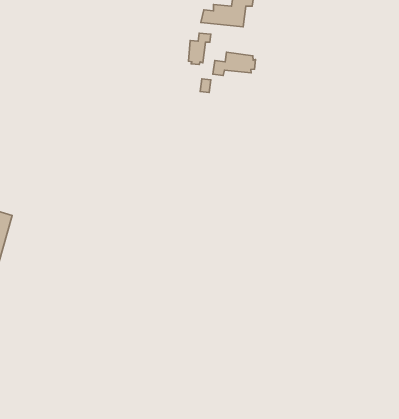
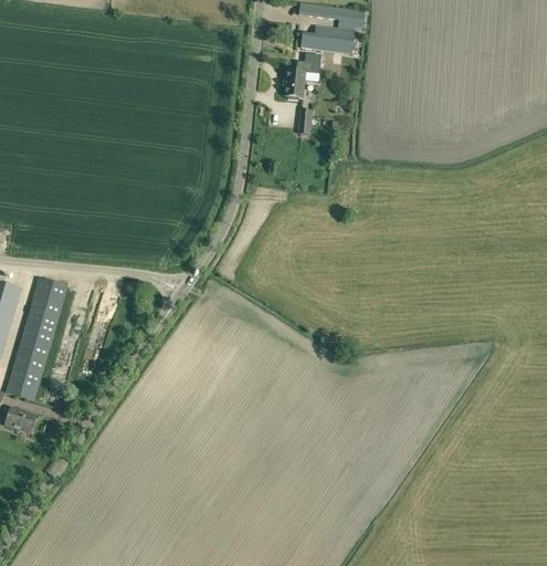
building: [213,52,256,75] -> none

